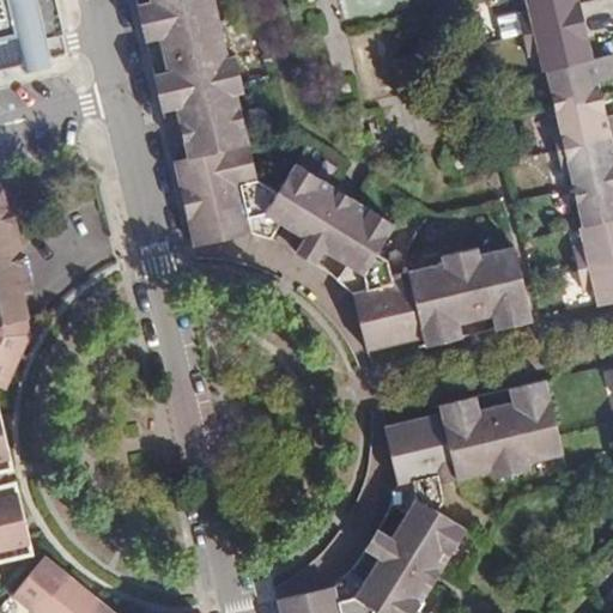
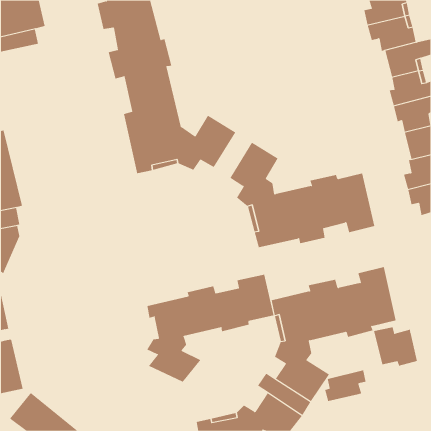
building: [296,188,357,265] -> none
building: none -> [147,274,274,383]
building: none -> [374,326,417,366]
building: none -> [324,370,366,402]

